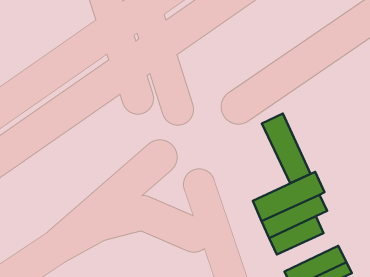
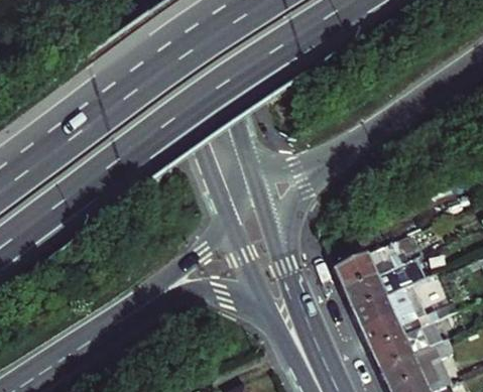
building: [262,113,311,183] -> none
building: none -> [362,296,447,350]

